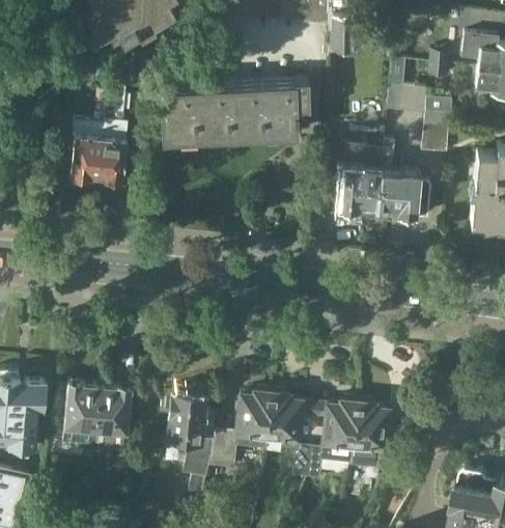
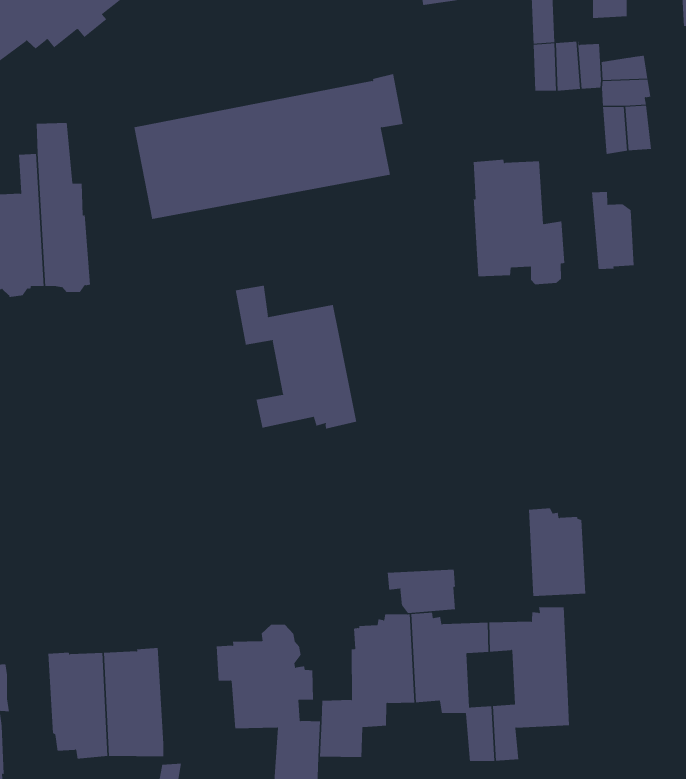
building: [381,141,410,218] -> none
building: none -> [235,285,357,429]
building: none -> [387,569,455,614]
building: [354,400,388,452] -> [528,508,586,596]

